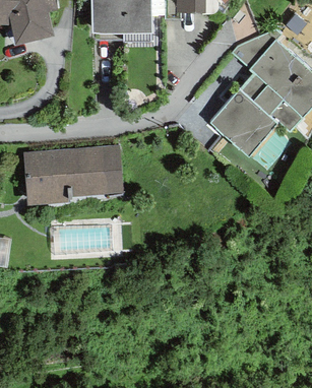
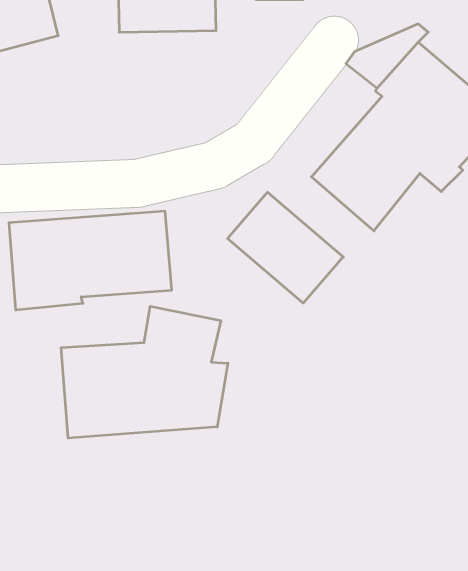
building: none -> [228,192,343,303]
building: none -> [61,306,228,438]

